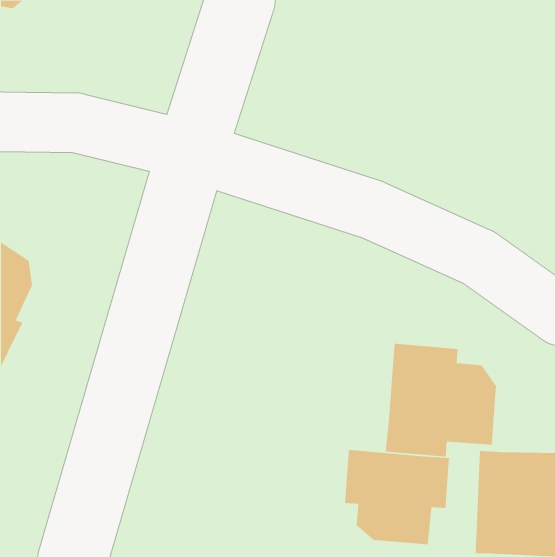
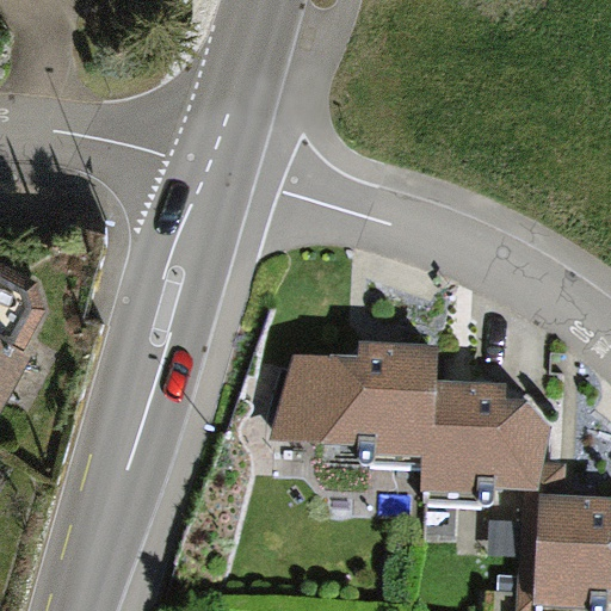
building: none -> [279,341,438,461]
building: [344,449,450,545] -> none

